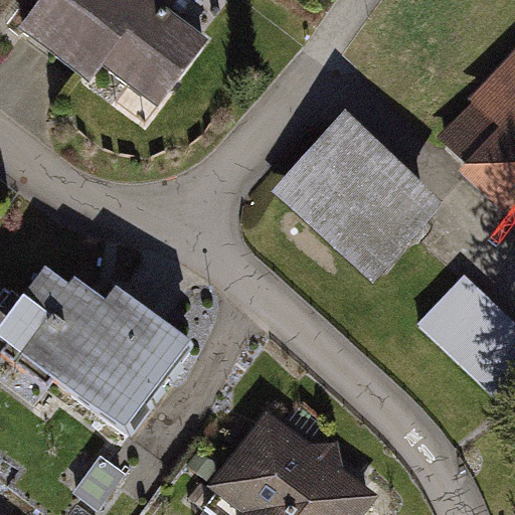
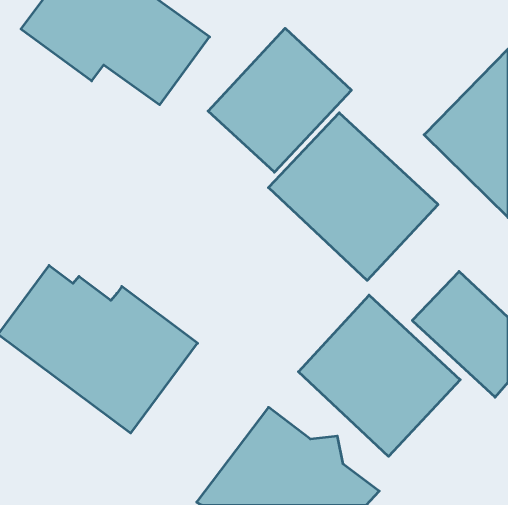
building: none -> [208,28,351,172]
building: none -> [298,295,460,456]

